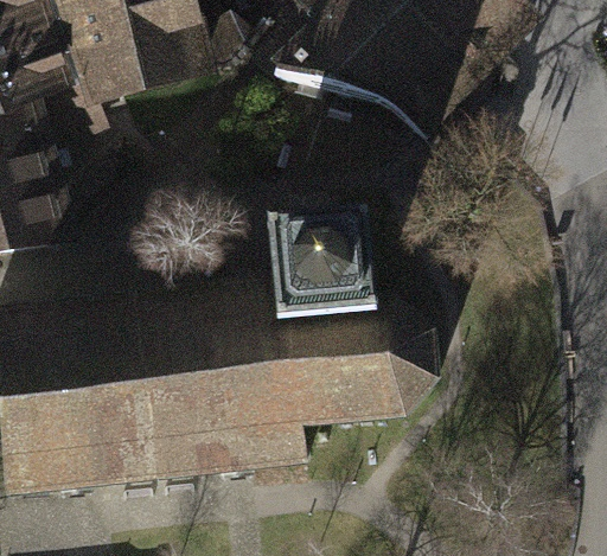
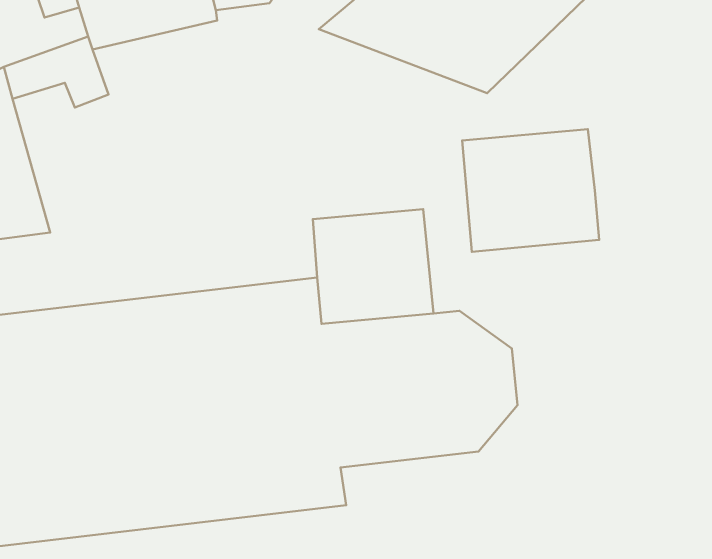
building: none -> [462,129,599,252]

